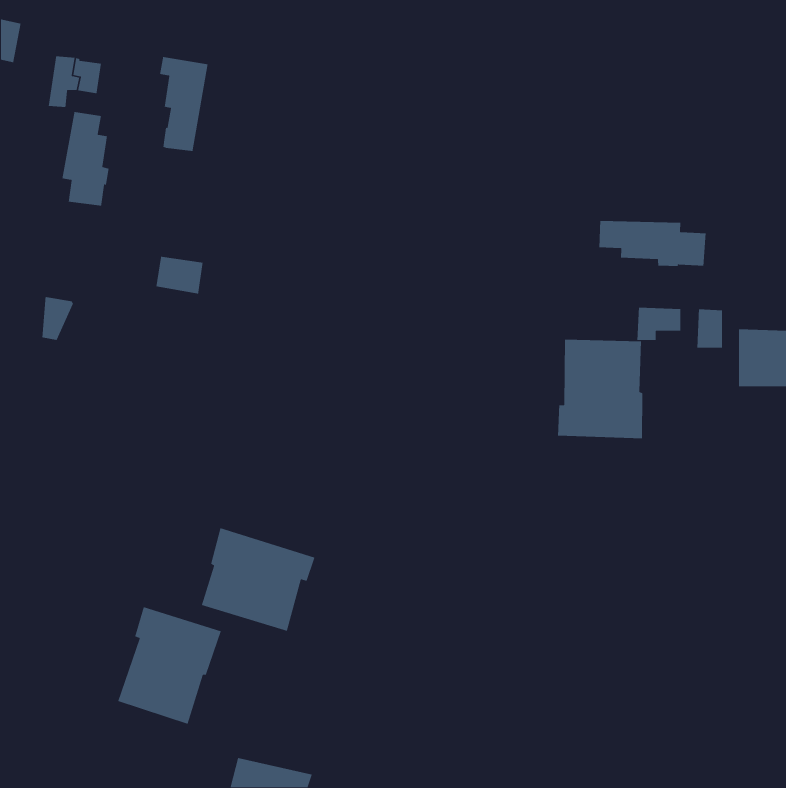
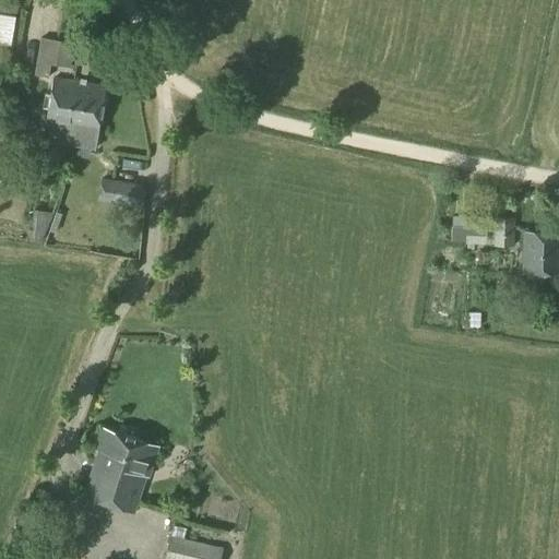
building: [159,56,209,152] -> [71,82,106,150]
building: [598,220,707,267] -> none
building: [557,339,643,439] -> none
building: [201,527,315,632] -> none

